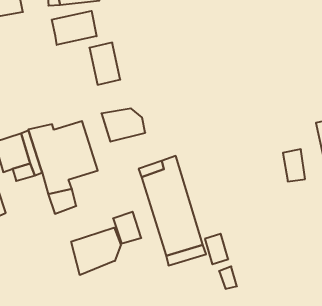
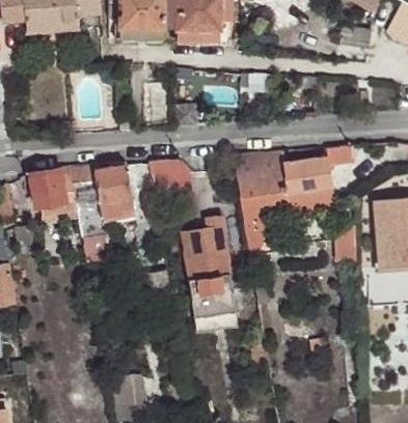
building: [52,11,97,45] -> none
building: none -> [235,146,353,262]
building: [71,228,121,275] -> none

